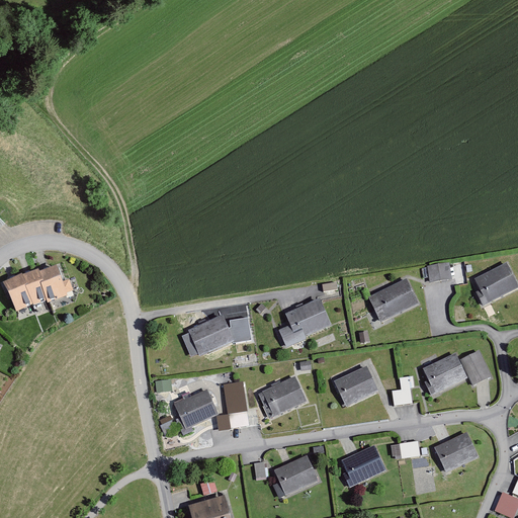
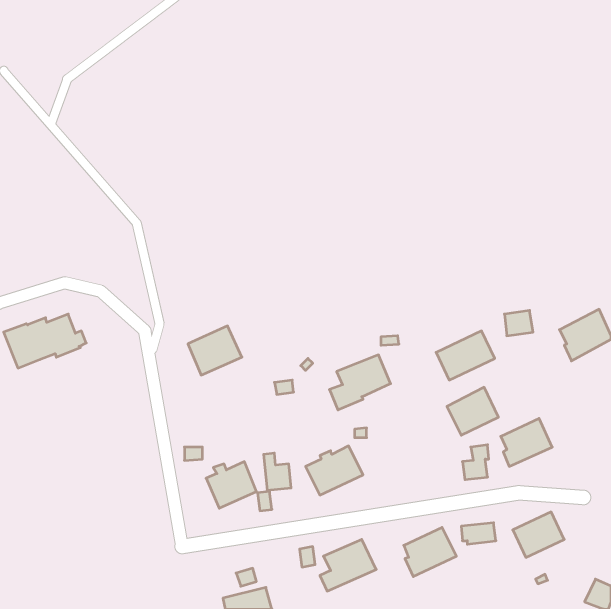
building: [188,315,234,356] -> [188,326,242,375]
building: [460,351,490,384] -> none
building: [334,365,377,406] -> [447,387,498,435]

